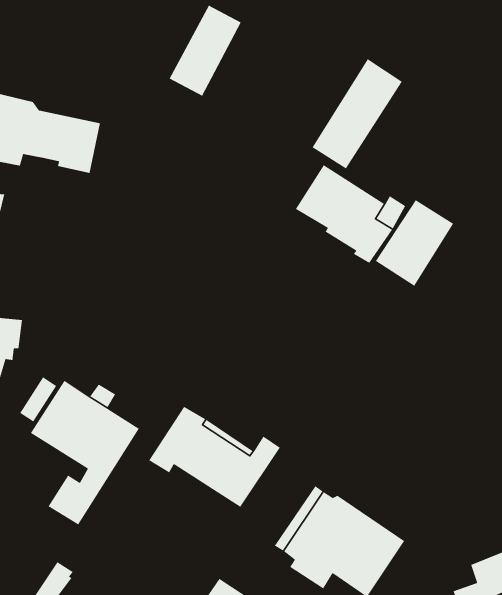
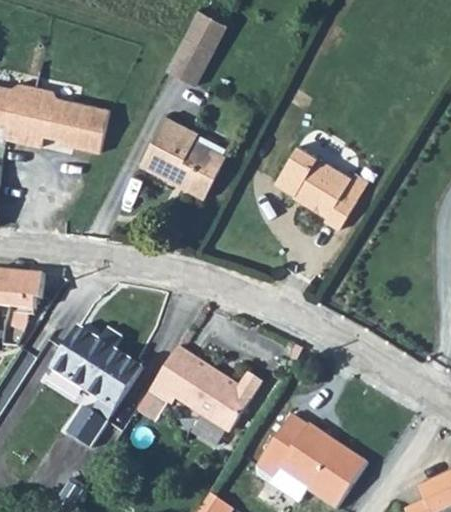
building: [311,58,403,169] -> none
building: none -> [137,117,226,200]
building: [375,199,454,287] -> none

